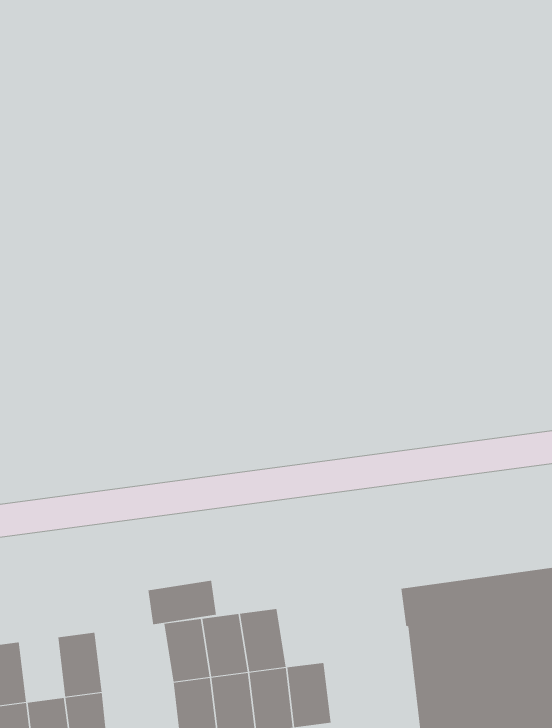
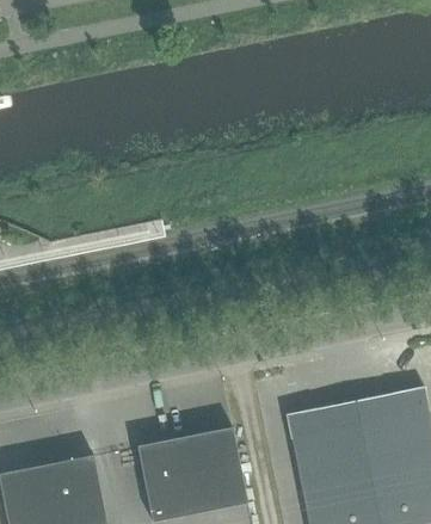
building: [148,580,216,625] -> none
building: none -> [209,429,241,470]
building: none -> [47,461,78,504]

